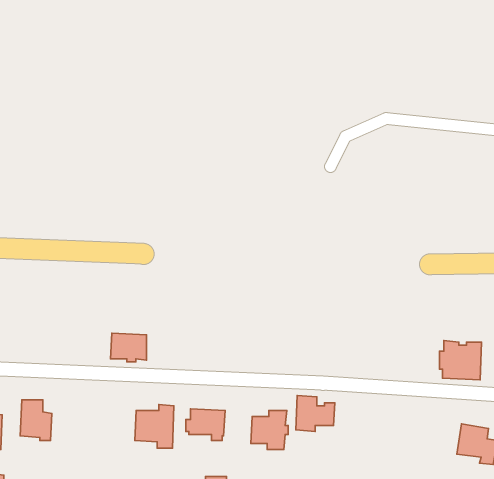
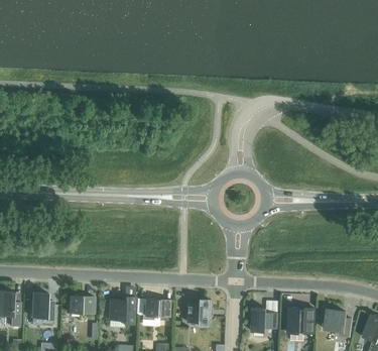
building: [110,333,146,362] -> [69,296,93,315]
building: [439,341,482,380] -> [285,307,313,333]
building: [296,395,335,432] -> [251,308,277,332]

